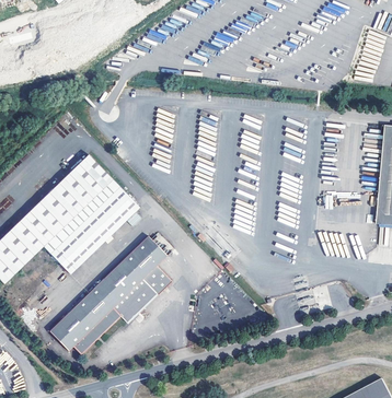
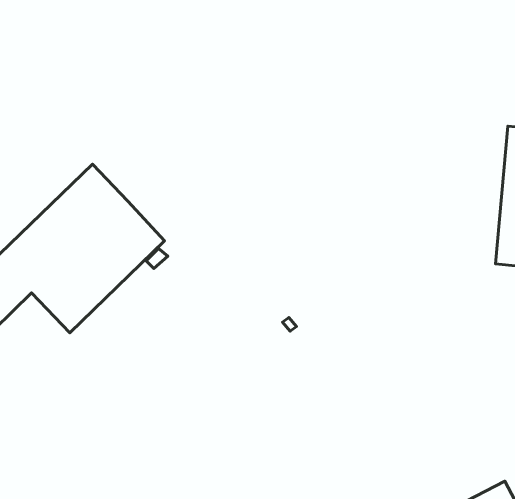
building: [48,236,171,354] -> none

